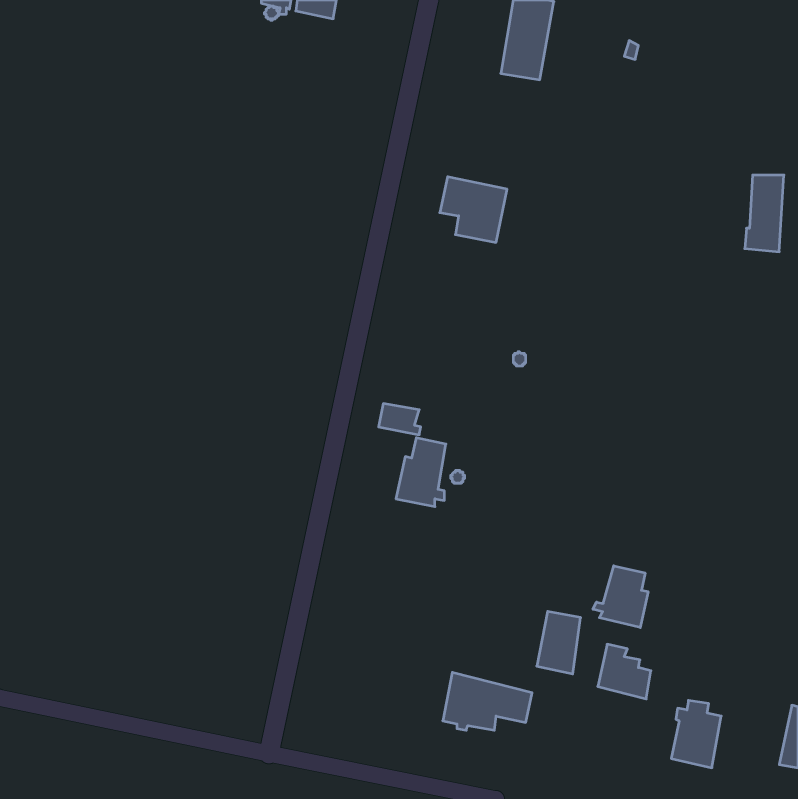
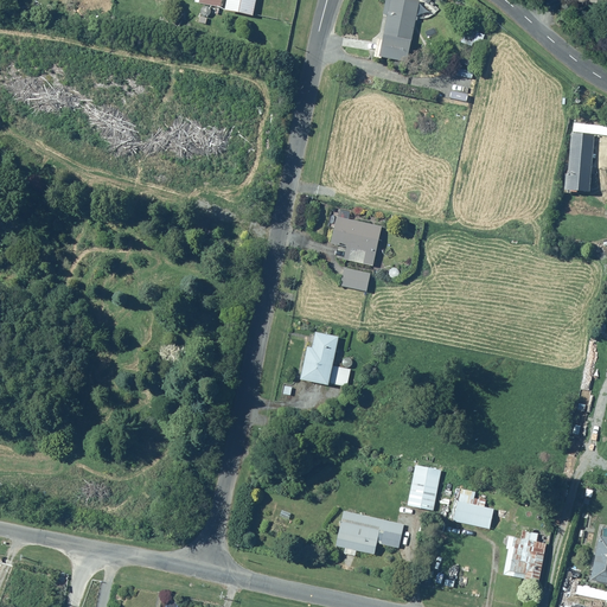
building: [440,177,507,242] -> [331,216,382,266]
building: [379,404,421,435] -> [340,268,372,292]
building: [593,566,648,628] -> none

